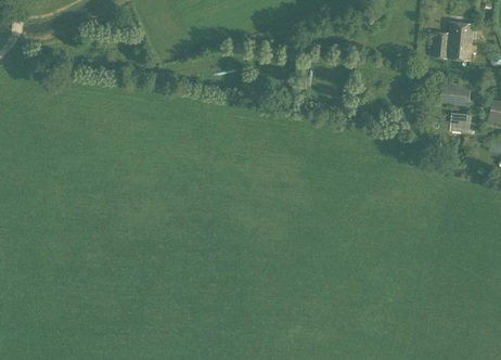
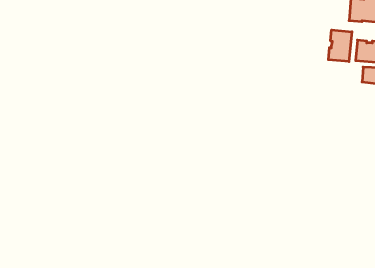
building: none -> [328,30,352,62]

